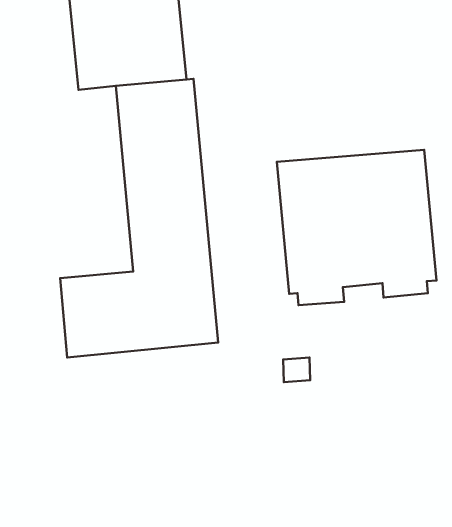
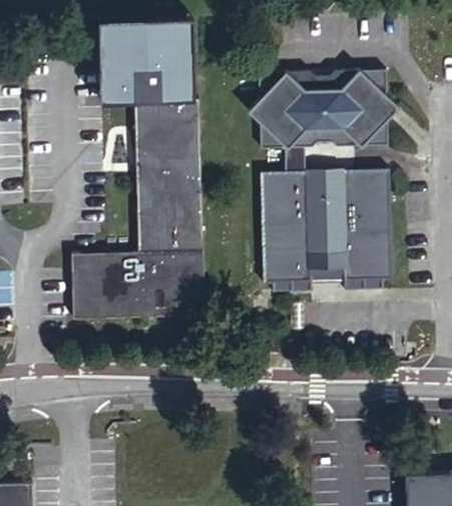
building: none -> [249,65,399,149]

